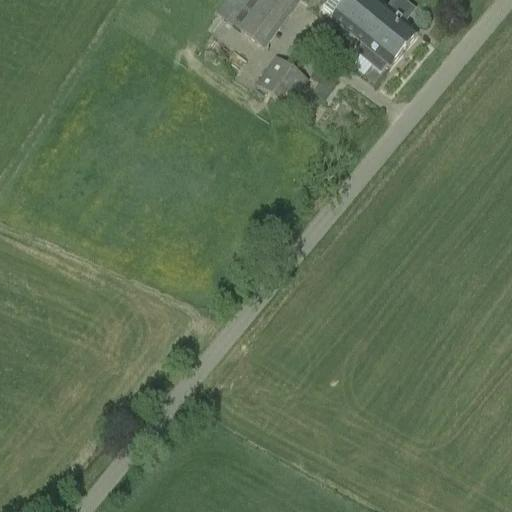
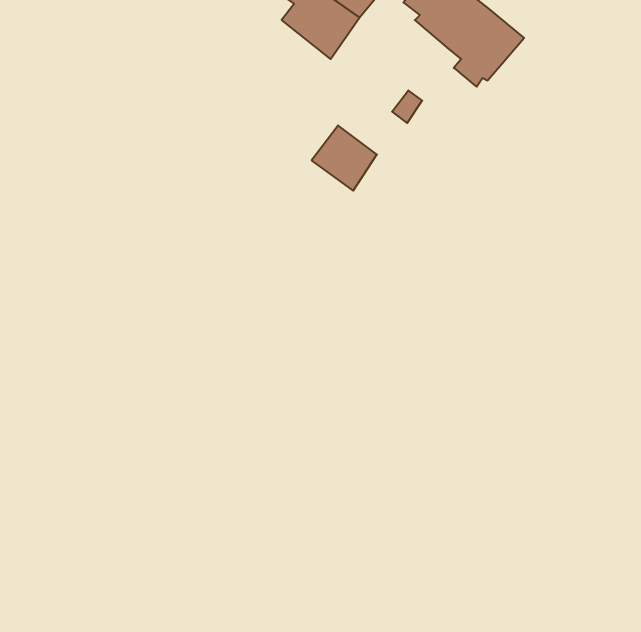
building: [254,53,306,105] -> [312,125,377,191]

